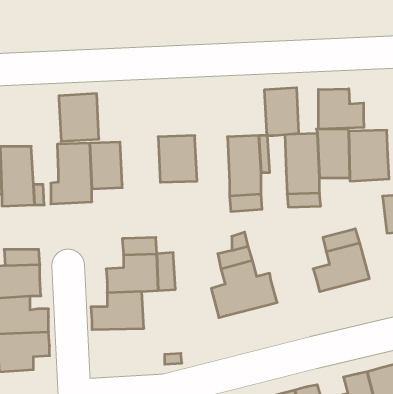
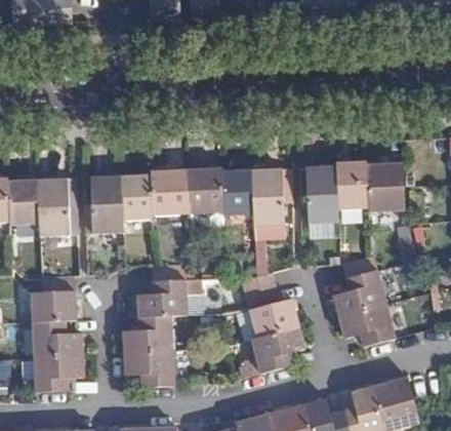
building: [264,88,299,135] -> [219,166,252,211]
building: [318,89,364,129] -> none
building: [59,94,99,141] -> [149,166,187,211]
building: none -> [337,301,394,344]
building: none -> [249,323,303,370]
building: none -> [122,348,172,384]

